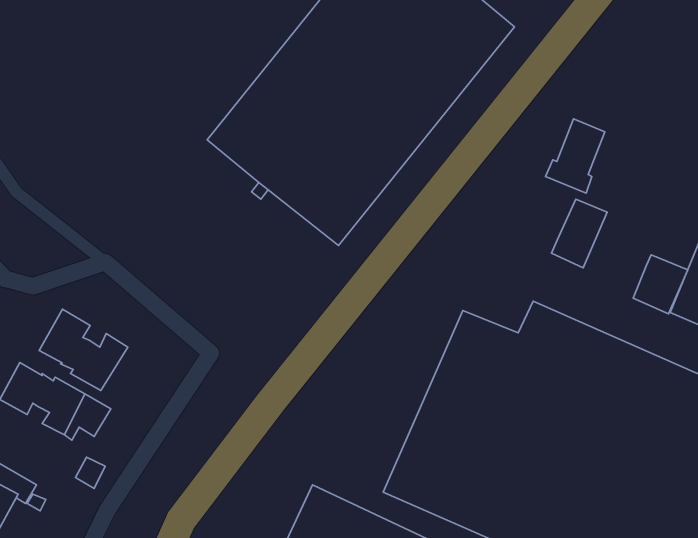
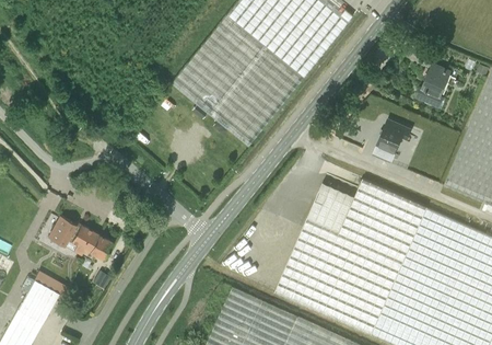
building: [546,119,605,193] -> [415,64,450,107]
building: [633,255,688,314] -> none
building: [39,309,128,390] -> none

